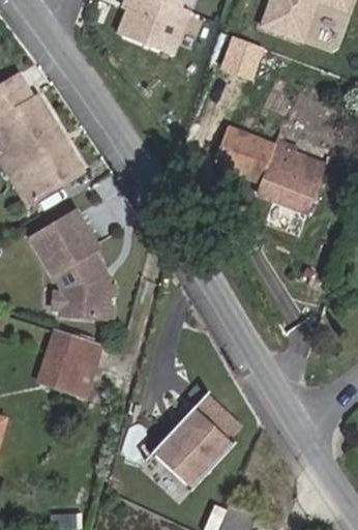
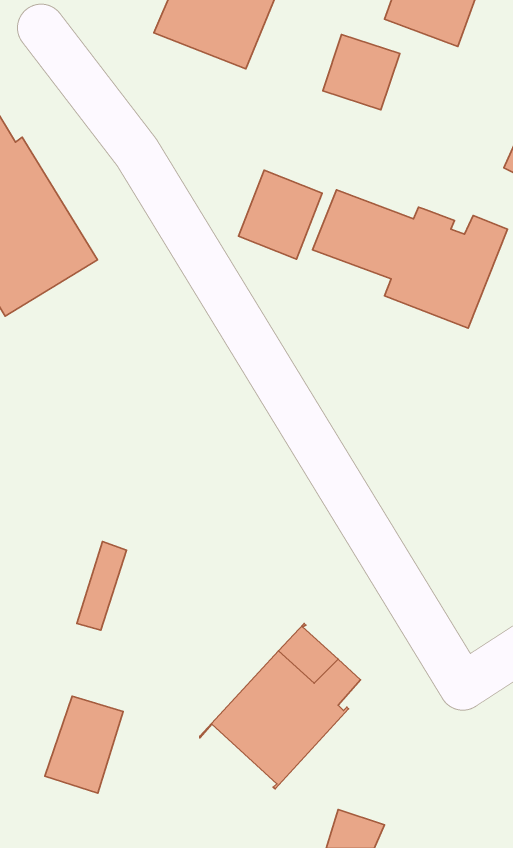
building: none -> [239,170,322,259]
building: [29,206,111,318] -> none
building: [38,331,86,390] -> [45,696,123,793]

